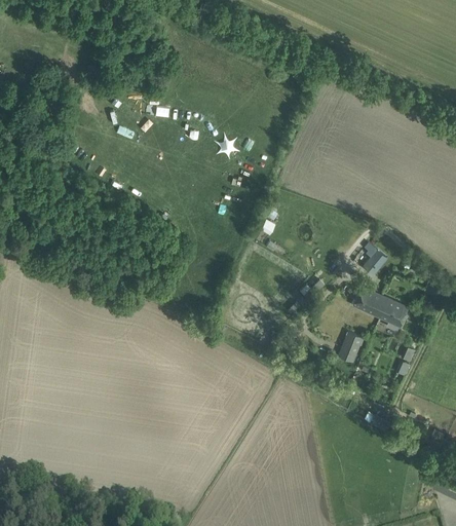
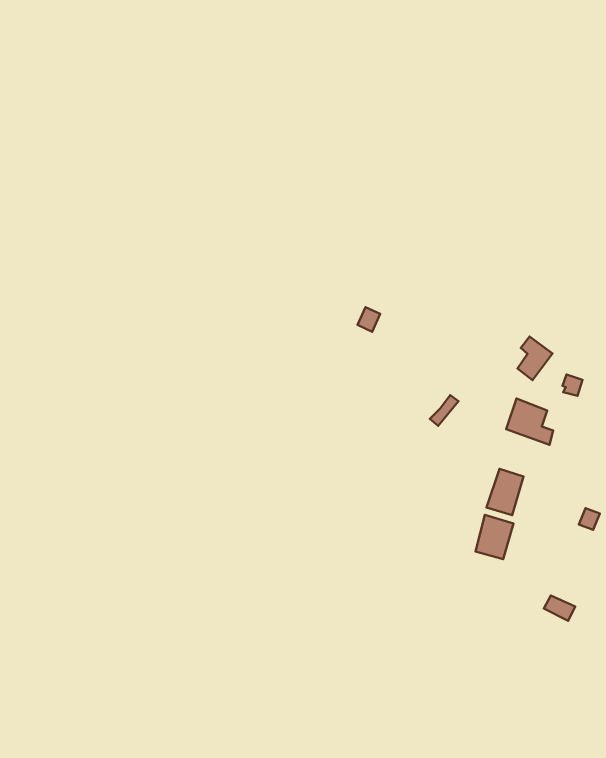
building: [377,295,409,331] -> none
building: none -> [476,515,514,559]

